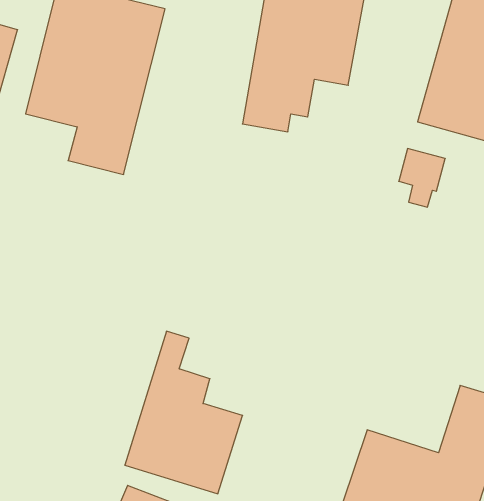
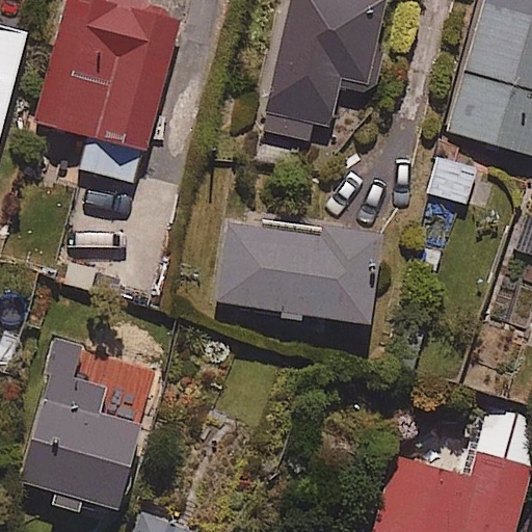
building: none -> [217,221,380,321]
building: [125,331,243,494] -> [16,338,139,508]

